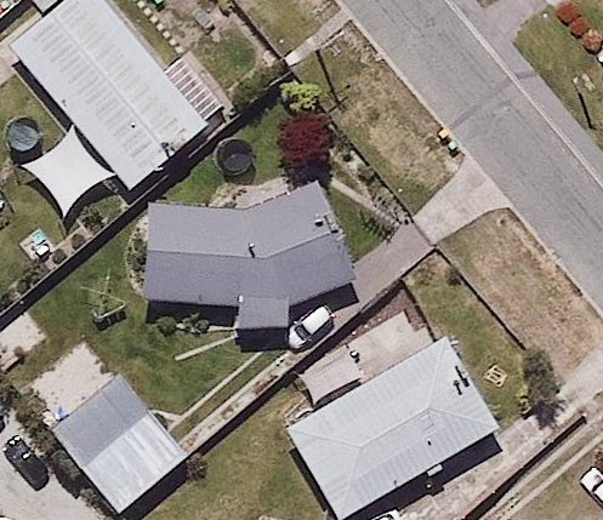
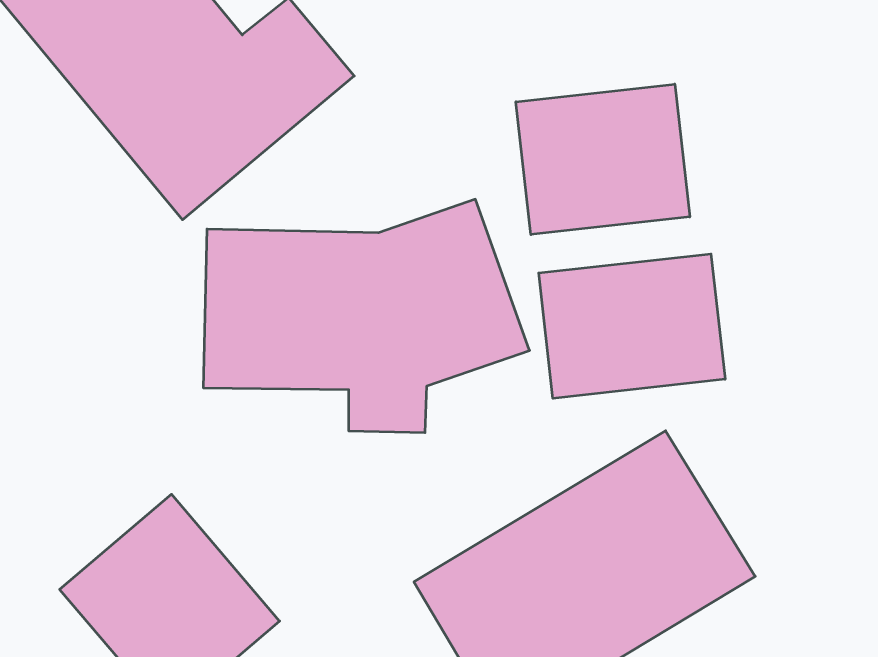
building: none -> [516,84,690,235]
building: none -> [539,254,725,398]

